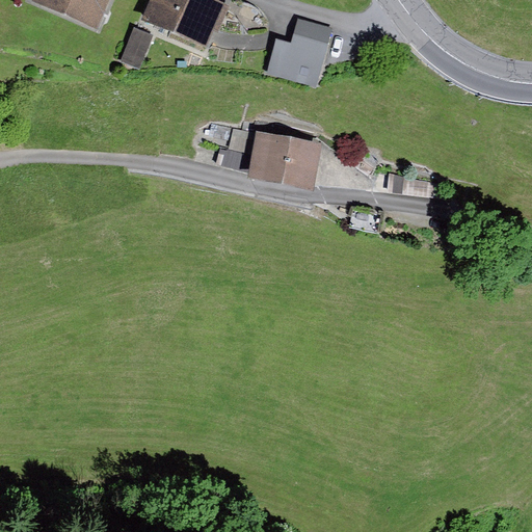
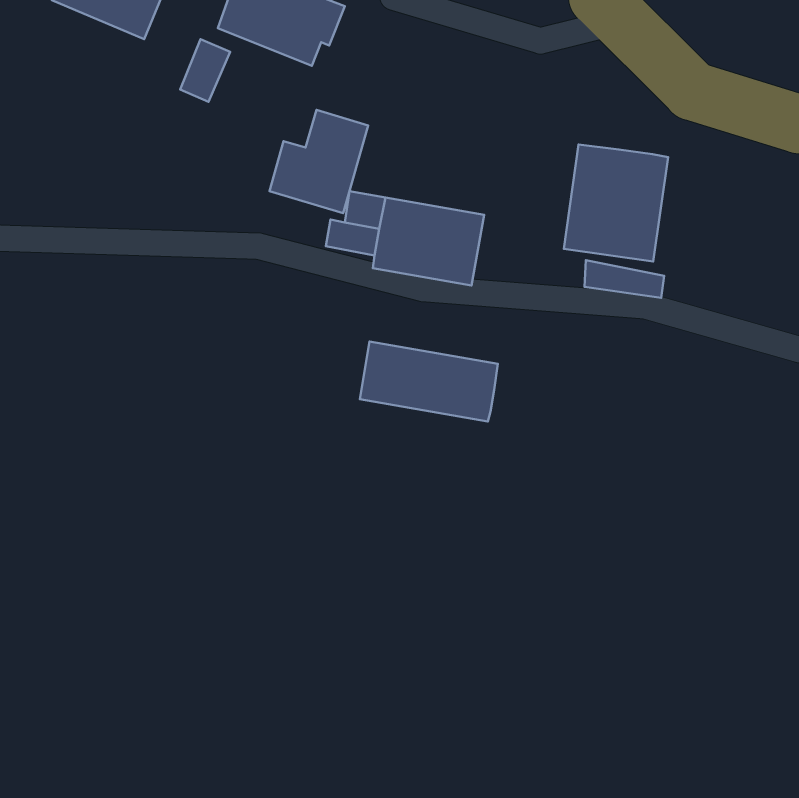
building: [266,17,331,85] -> [269,110,368,213]
building: none -> [564,145,668,262]
building: none -> [360,341,498,422]

